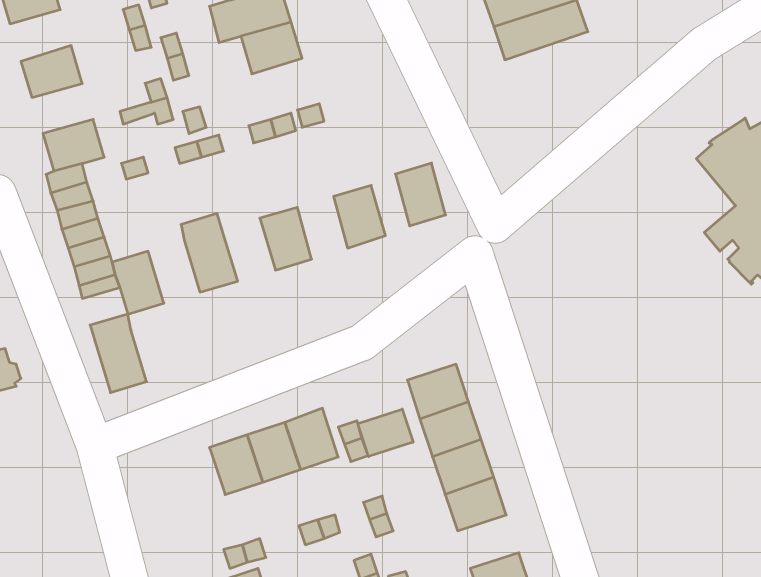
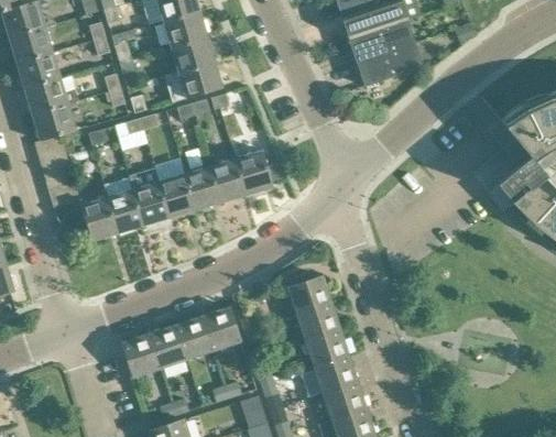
building: none -> [9,26,52,63]
building: none -> [356,42,423,86]
building: none -> [164,61,221,101]
building: none -> [24,78,67,113]
building: [395,163,446,226] -> [210,157,246,201]
building: none -> [157,173,195,217]
building: [90,314,147,393] -> [102,177,142,232]
building: [358,409,413,457] -> none
building: none -> [121,334,160,376]
building: none -> [323,381,366,418]

